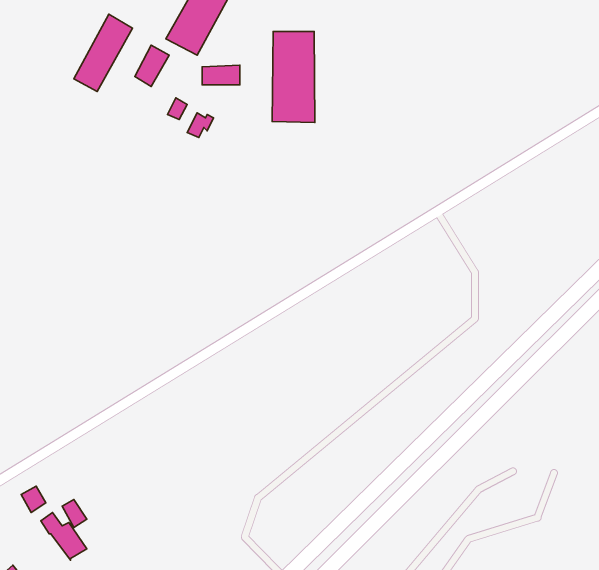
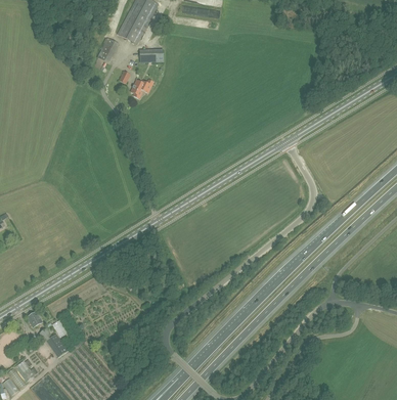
building: [74,14,133,92] -> none
building: [272,32,315,123] -> none

